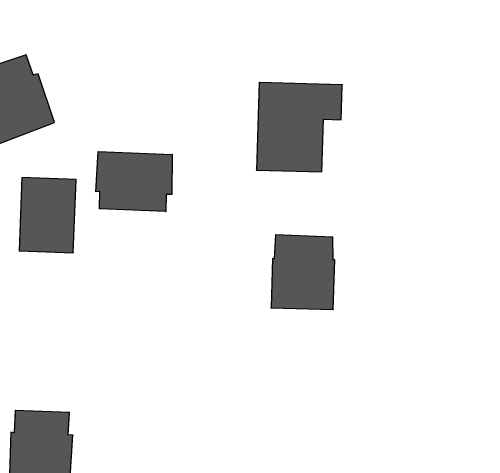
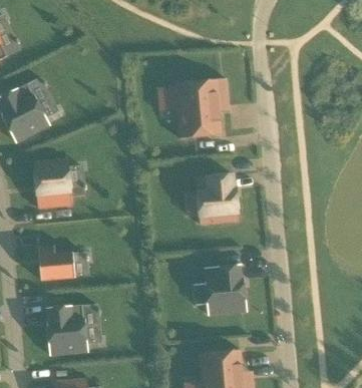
building: [96,152,172,212] -> none
building: none -> [38,246,74,280]
building: none -> [204,265,247,314]

